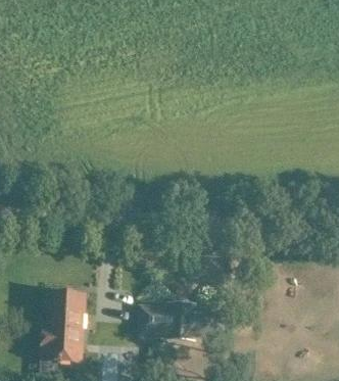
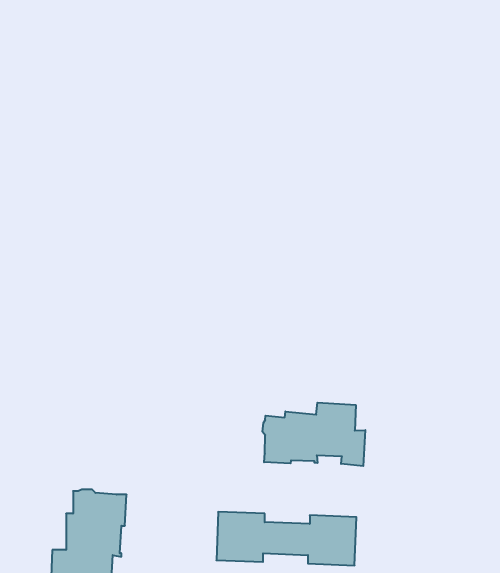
building: none -> [263,403,365,466]

